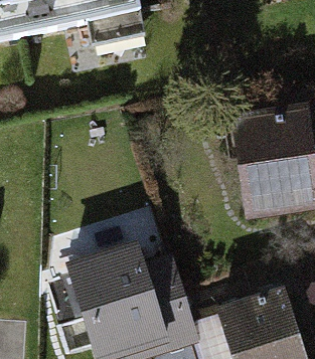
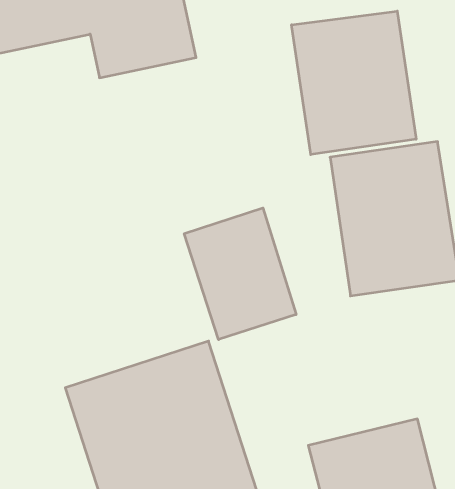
building: none -> [292,11,416,155]
building: none -> [184,208,296,340]

